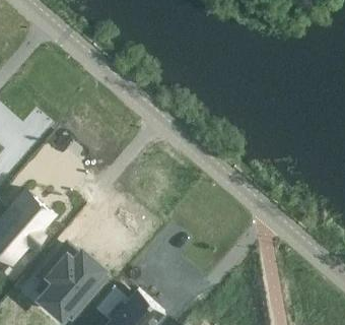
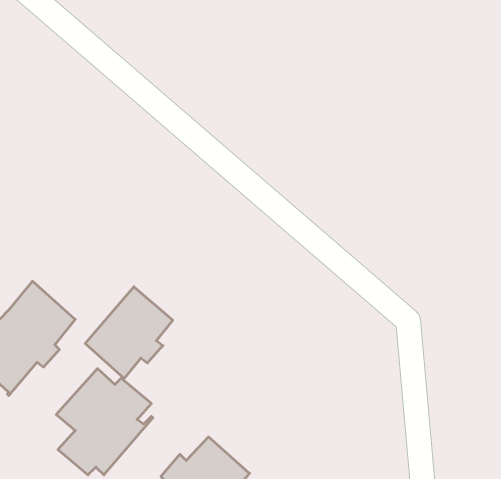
building: none -> [85,287,173,378]

